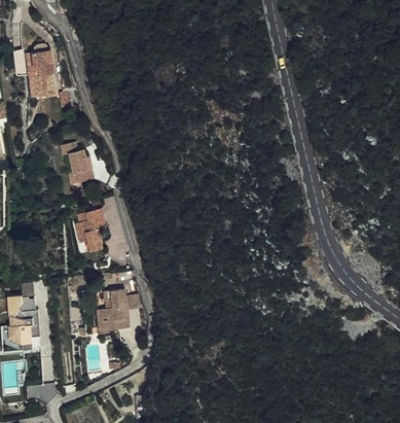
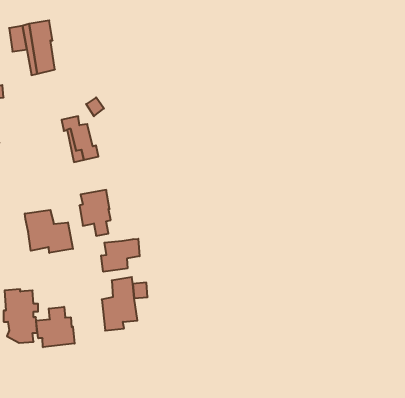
building: none -> [25,210,73,253]
building: none -> [101,239,140,272]
building: none -> [36,307,75,347]

